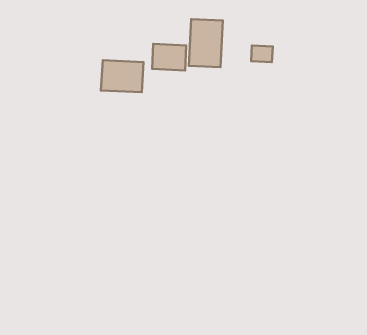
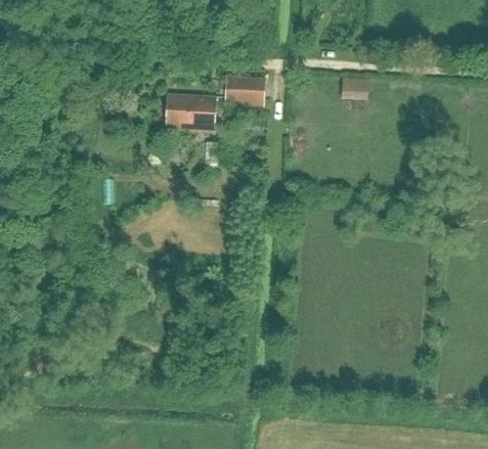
building: [189,19,223,67] -> none

